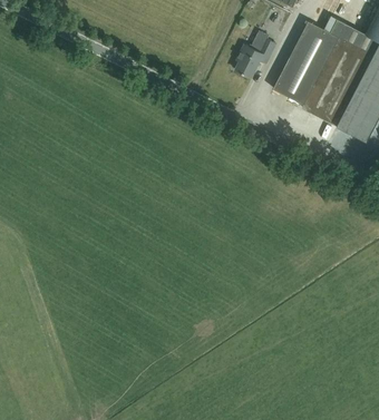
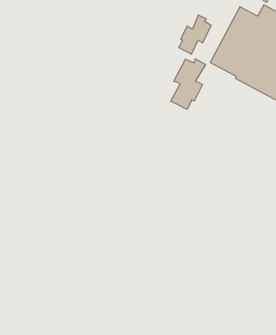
building: none -> [171,59,205,109]

